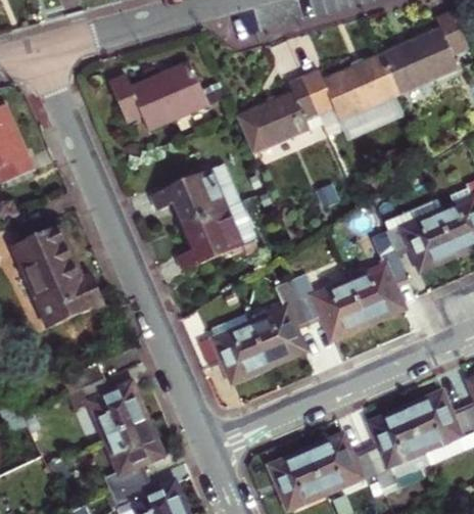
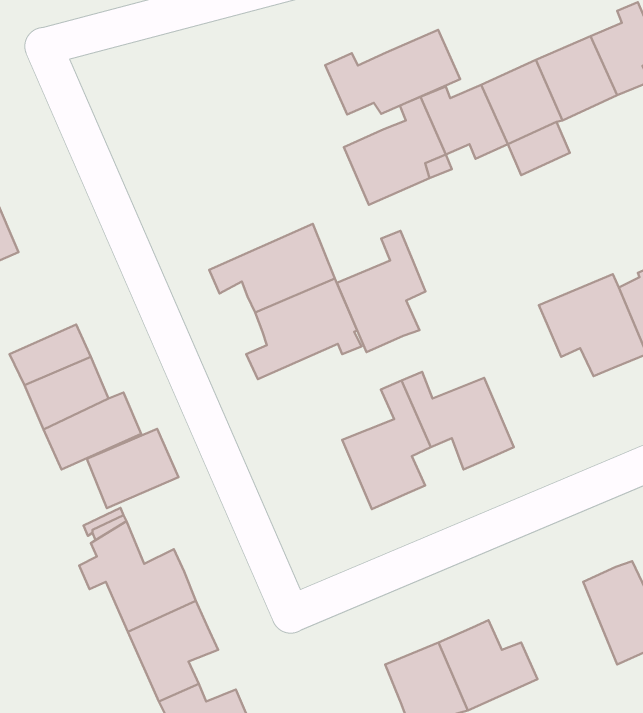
building: none -> [325,30,460,115]
building: [109,60,206,129] -> none
building: [344,234,406,318] -> [337,231,425,352]
building: none -> [87,429,178,508]
building: [198,307,267,375] -> none
building: [370,411,438,478] -> none

